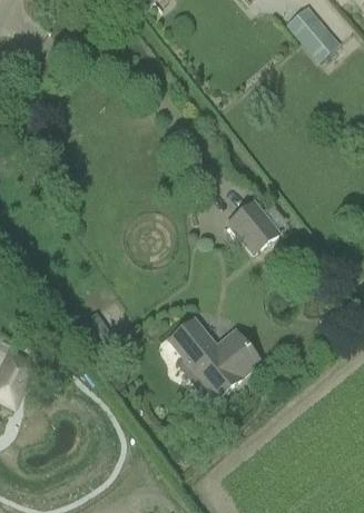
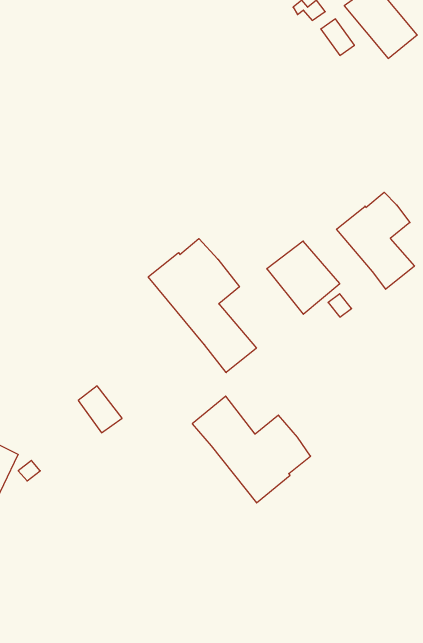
building: none -> [337,192,414,289]
building: none -> [148,239,256,373]

